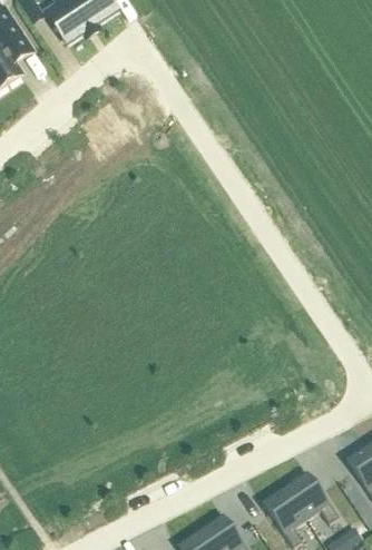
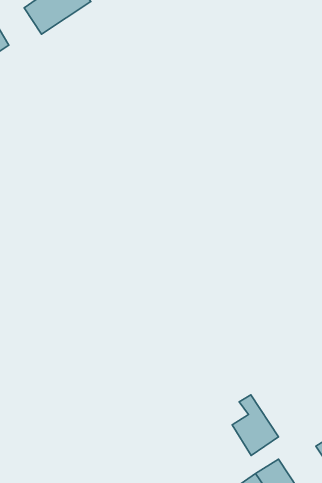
building: none -> [232,395,278,456]

